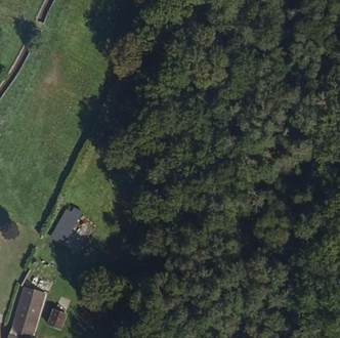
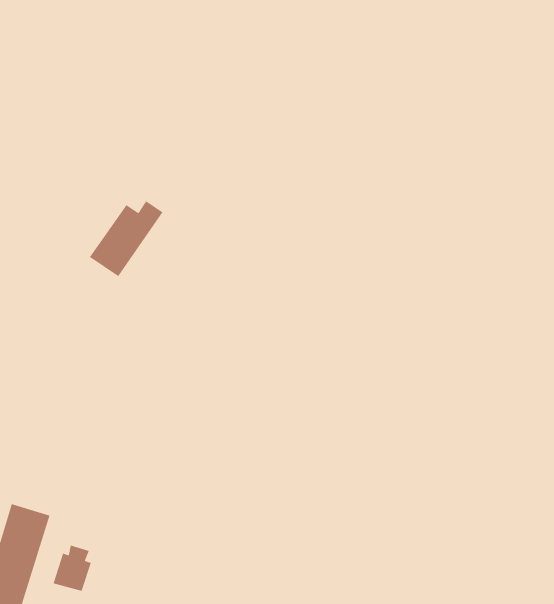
building: [46,206,85,246] -> [89,200,164,277]

